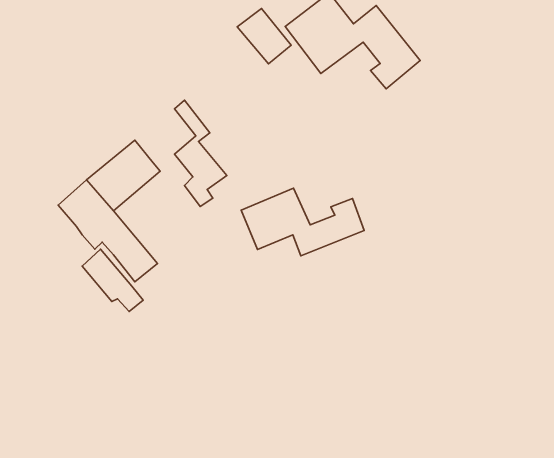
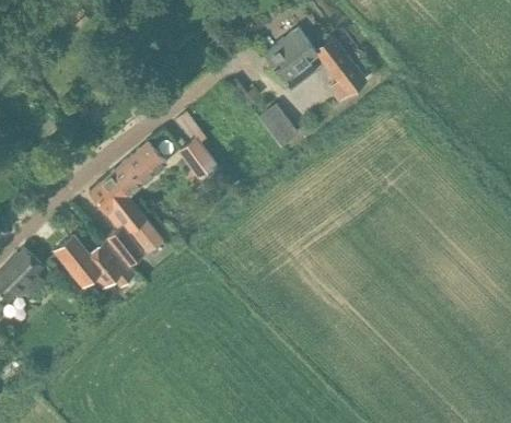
building: [237,8,291,64] -> [257,104,299,146]
building: [241,188,364,256] -> none
building: none -> [55,236,130,287]

